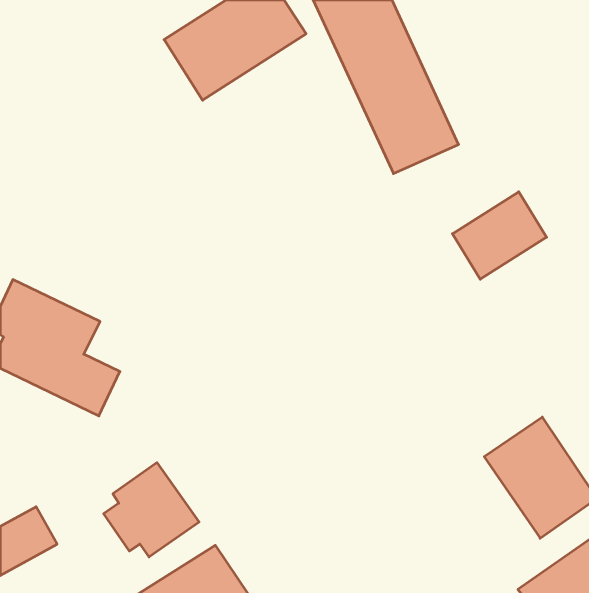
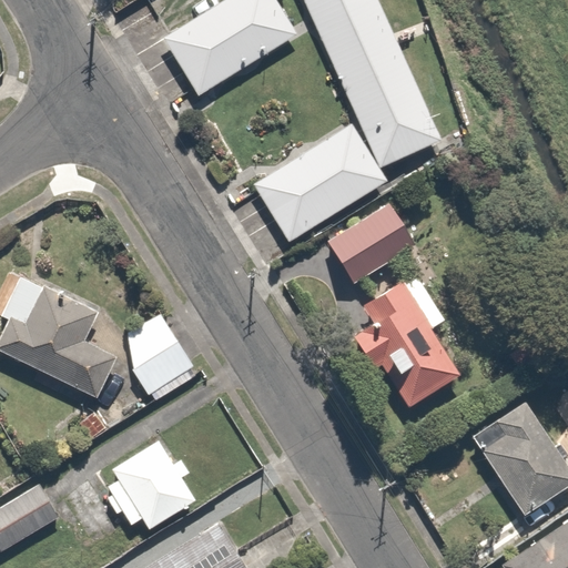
building: none -> [252,123,386,243]
building: [452,192,547,279] -> [327,199,417,282]
building: none -> [347,276,458,405]
building: none -> [116,314,194,397]

